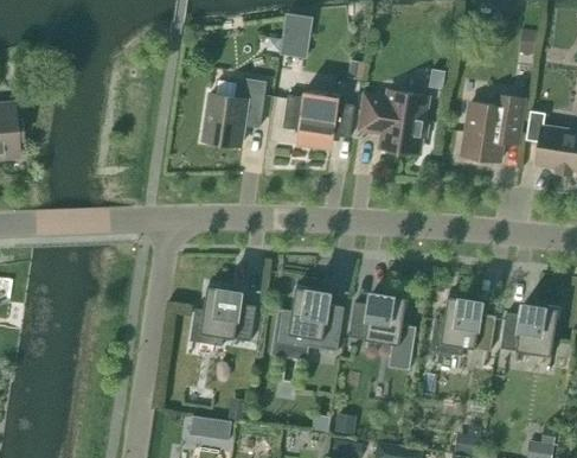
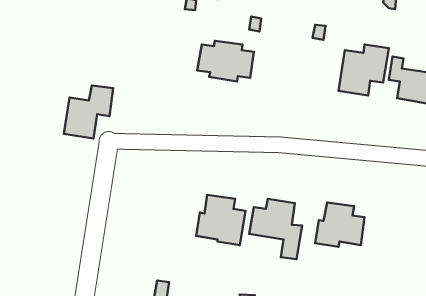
building: [203,78,265,146] -> [64,85,113,138]
building: [359,90,427,153] -> none
building: [192,286,256,345] -> none
building: [500,304,558,356] -> none

